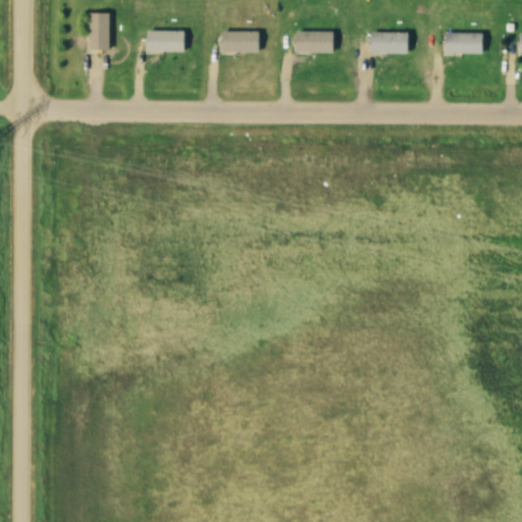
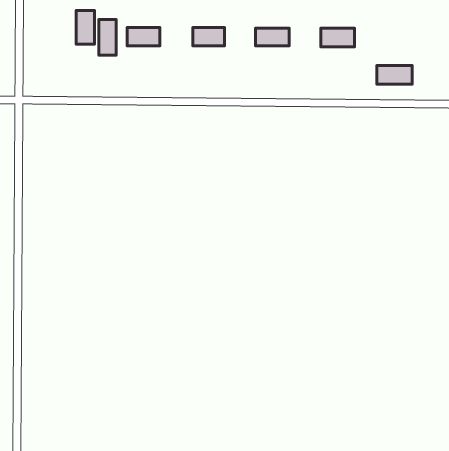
building: none -> [99,19,116,55]
building: [442,33,483,54] -> [377,66,412,84]

